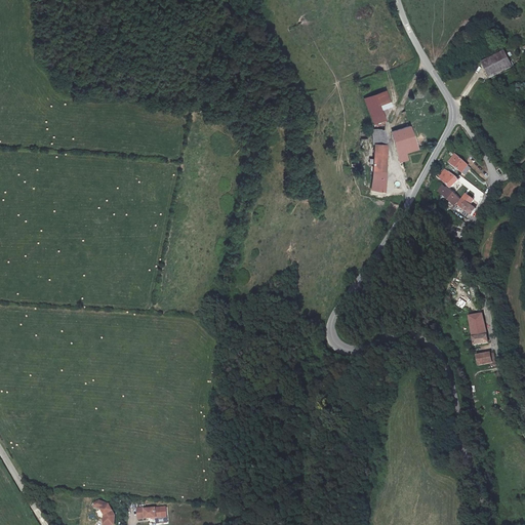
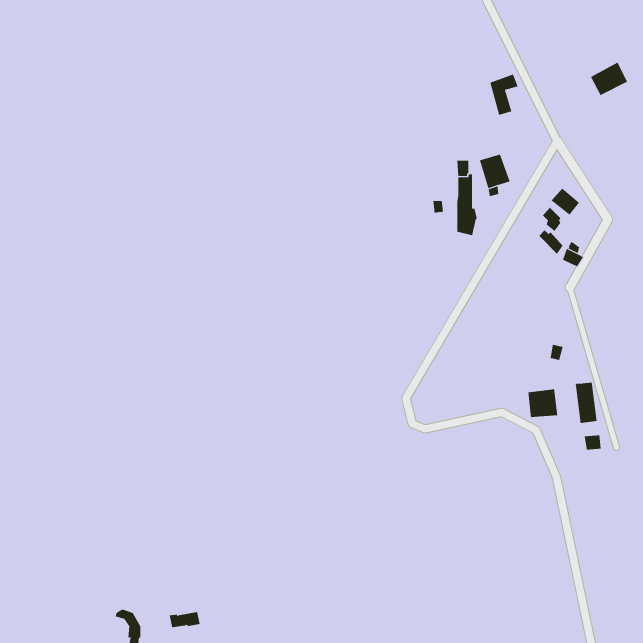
building: [365,90,389,124] -> [490,74,519,115]
building: none -> [528,388,558,418]

